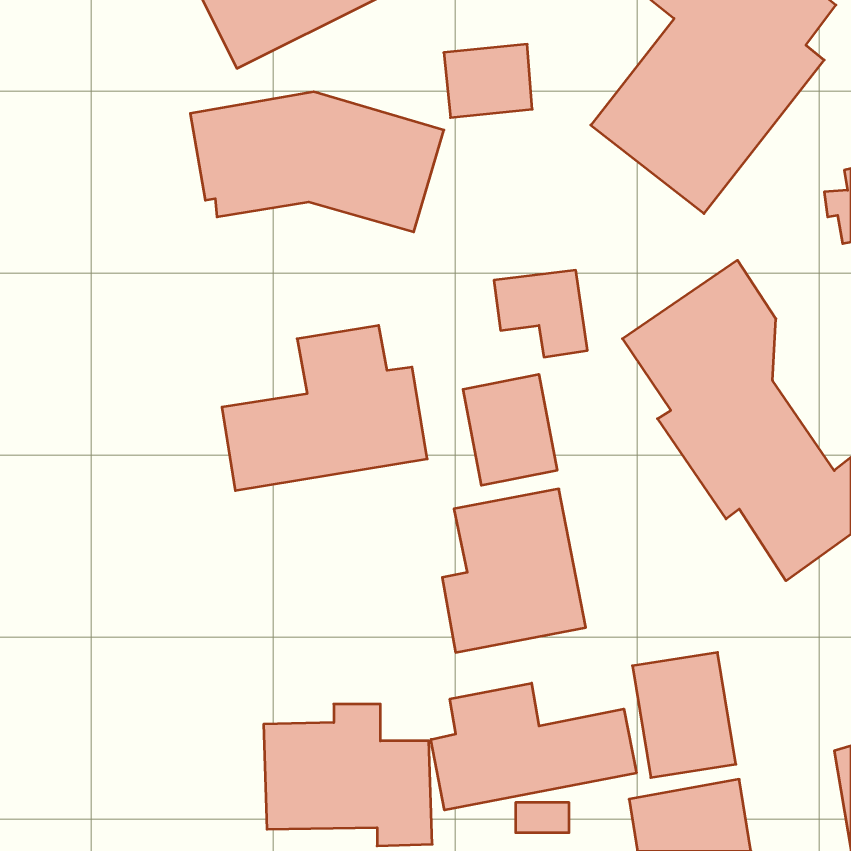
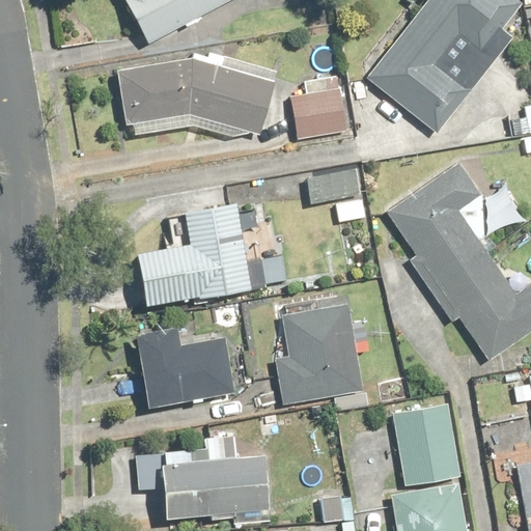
building: [444,44,532,118] -> [290,91,345,137]
building: [463,374,557,485] -> none
building: none -> [138,328,237,406]
building: [431,683,636,810] -> none

